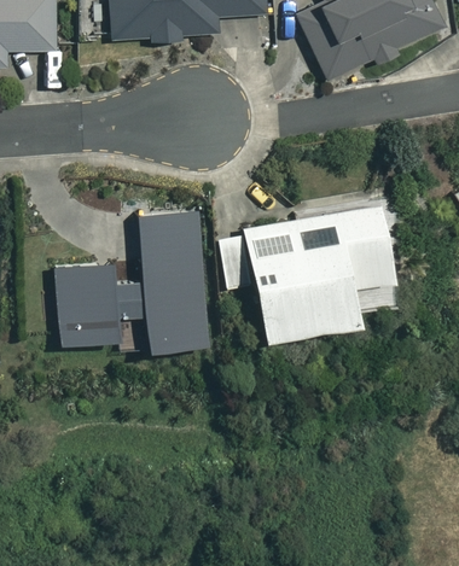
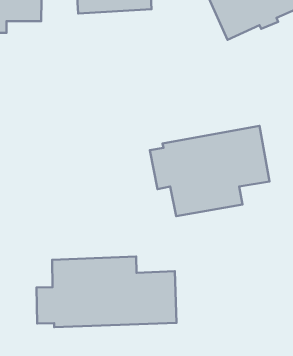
building: [56,216,205,345] -> none
building: none -> [37,256,177,327]

